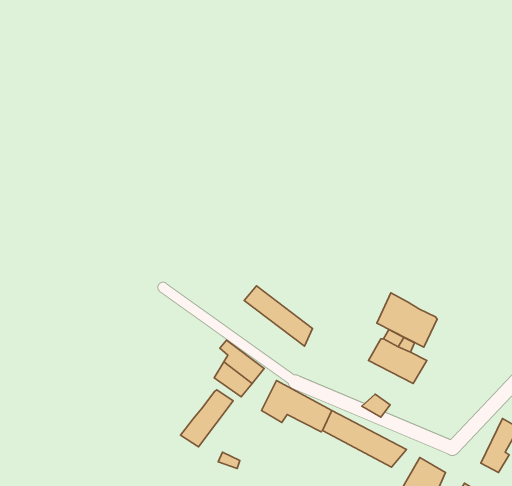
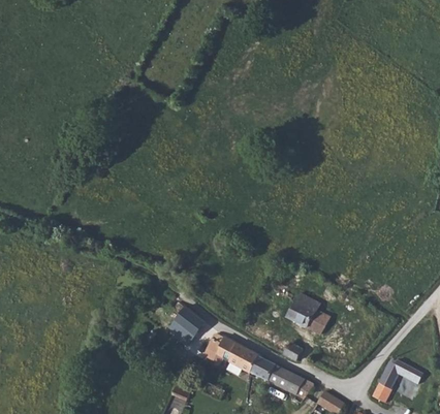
building: [244,286,313,346] -> none
building: [377,293,437,347] -> none
building: [180,390,233,447] -> none

